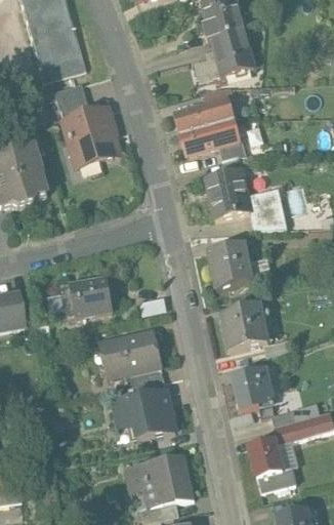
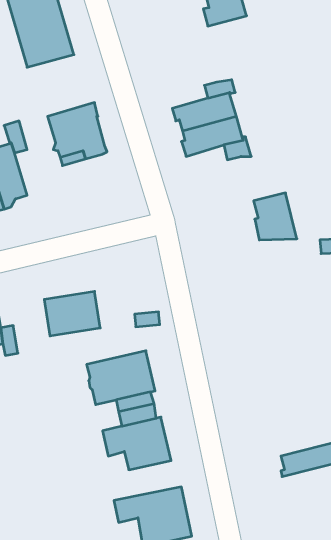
building: [211,30,252,75] -> none
building: [55,82,87,115] -> none
building: [201,167,252,221] -> none
building: [208,245,273,287] -> none
building: [219,305,267,350] -> none
building: [232,368,270,409] -> none
building: [248,438,295,490] -> none

